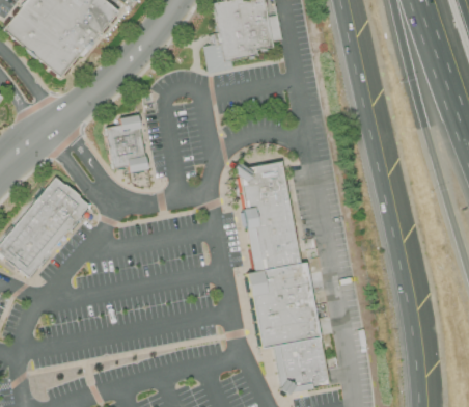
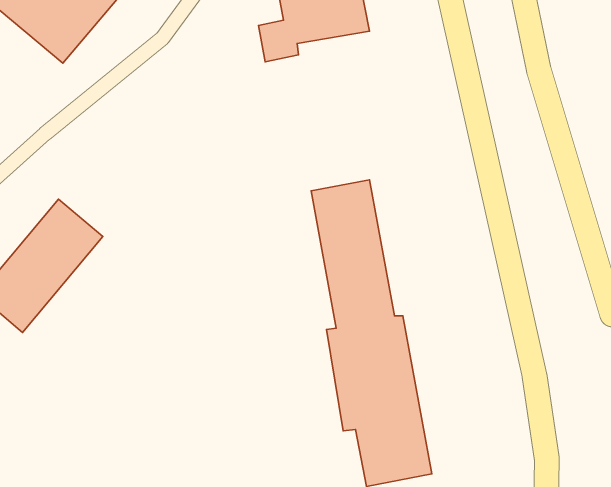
building: [103,123,144,170] -> none

